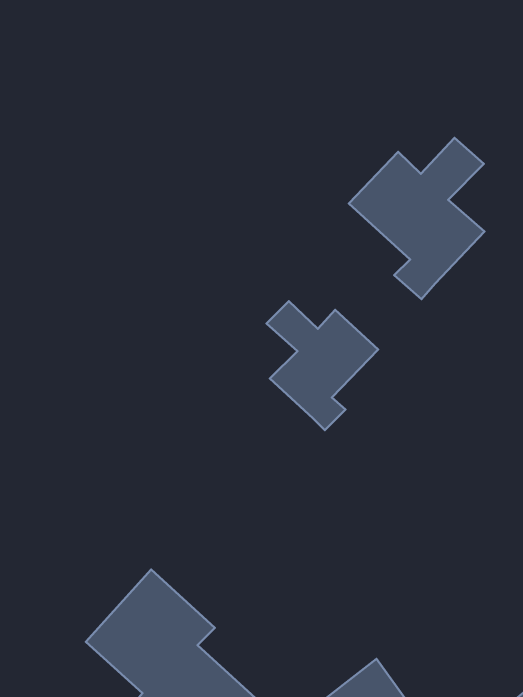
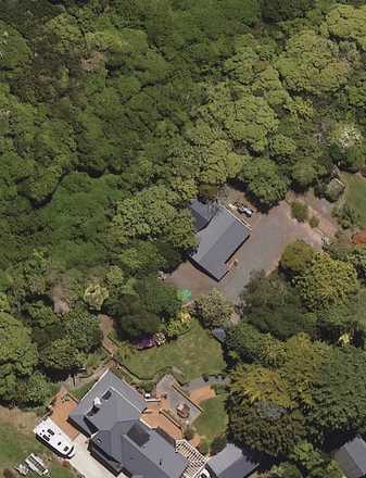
building: [349,138,485,299] -> none

